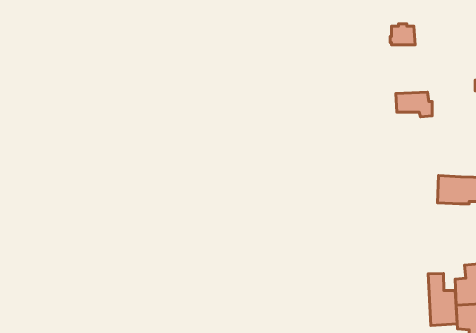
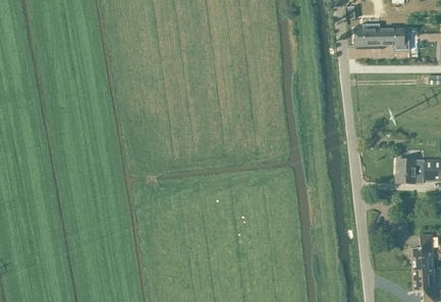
building: [396,92,432,117] -> [376,28,407,49]
building: [428,274,457,325] -> none

